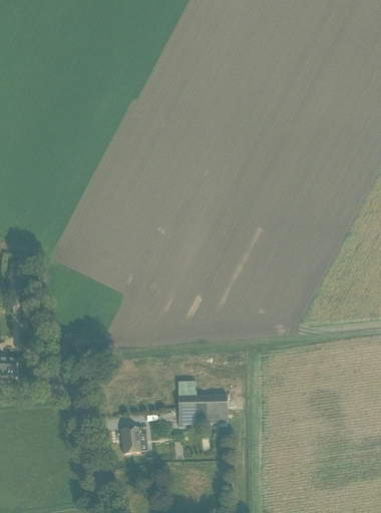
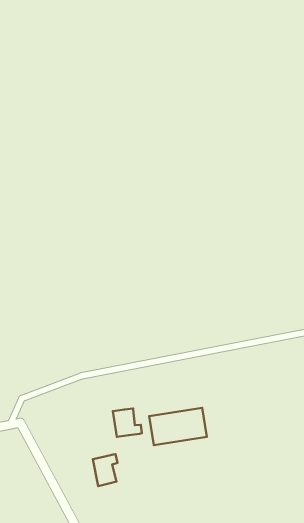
building: none -> [113,409,142,437]

